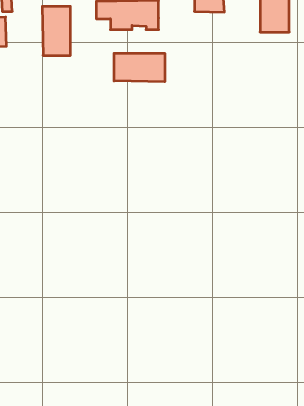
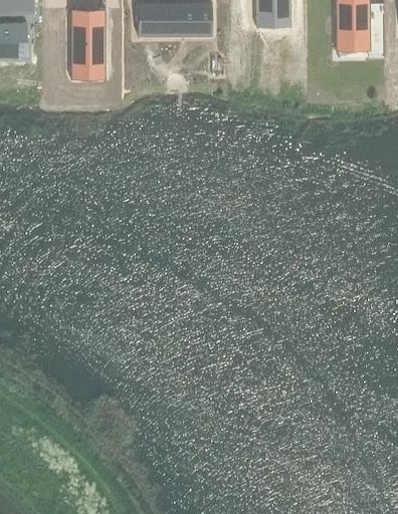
building: [114,53,165,82] -> none

